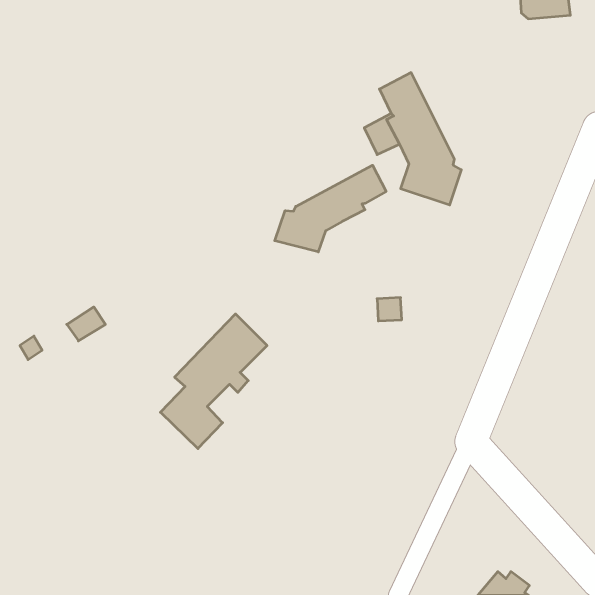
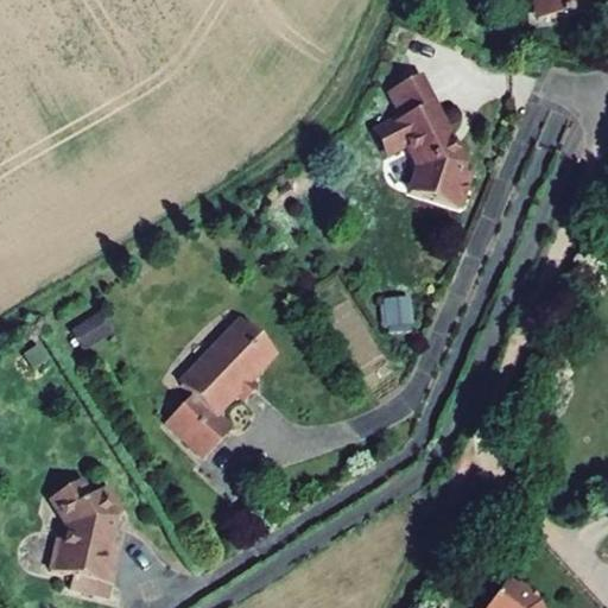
building: [275,165,386,252] -> none
building: none -> [50,477,122,591]

